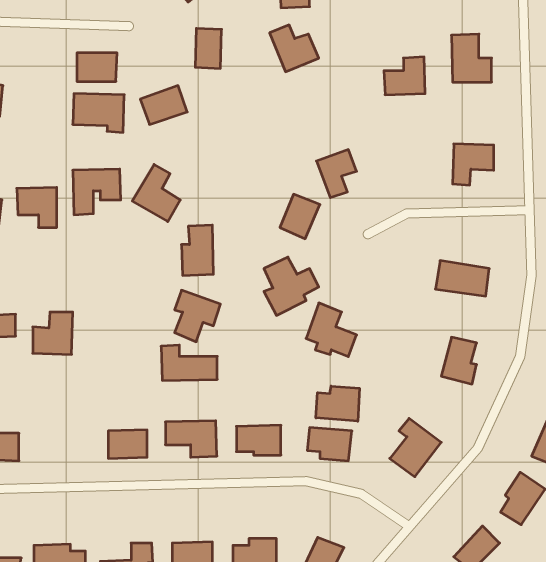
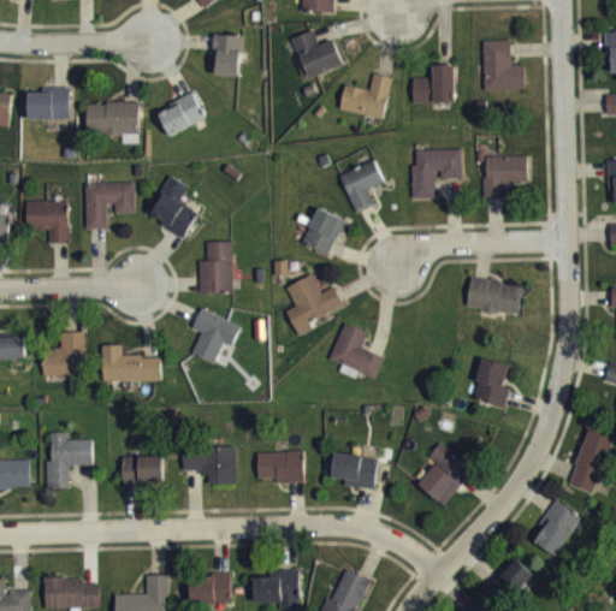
building: [77,53,117,81] -> [26,89,69,119]
building: none -> [339,73,392,119]
building: none -> [411,149,462,198]
building: [161,345,217,380] -> [101,344,160,381]
building: [316,386,359,421] -> none
building: none -> [45,432,91,488]

